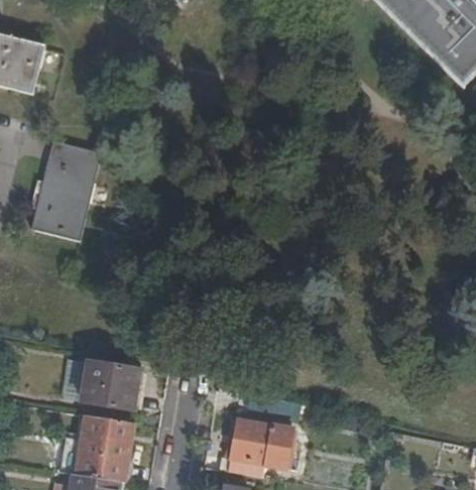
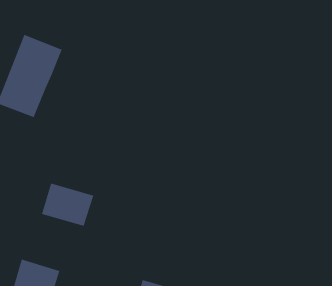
building: [82,362,143,409] -> [41,183,94,227]

